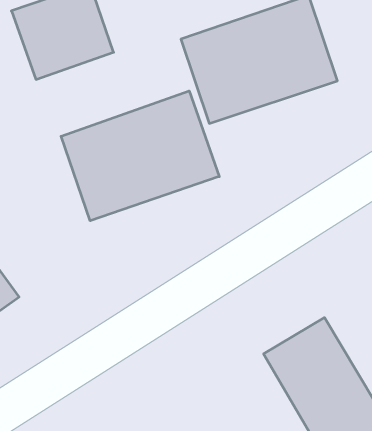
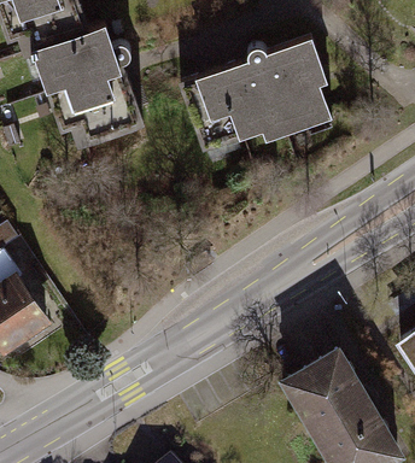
building: [61,91,219,221] -> none

